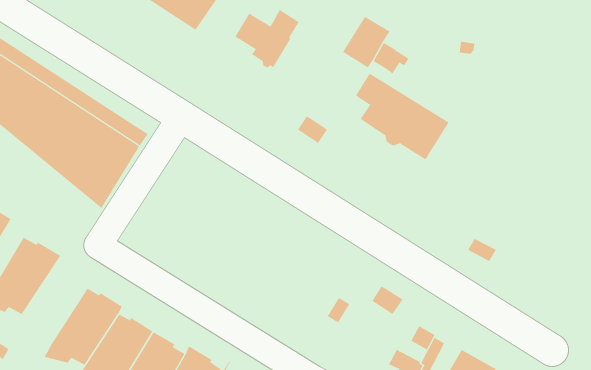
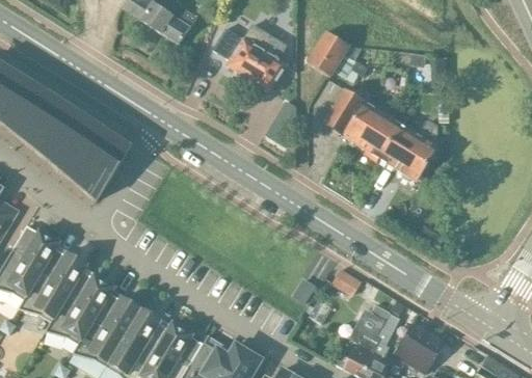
building: none -> [247,36,290,90]
building: none -> [381,120,436,181]
building: none -> [18,248,87,317]

